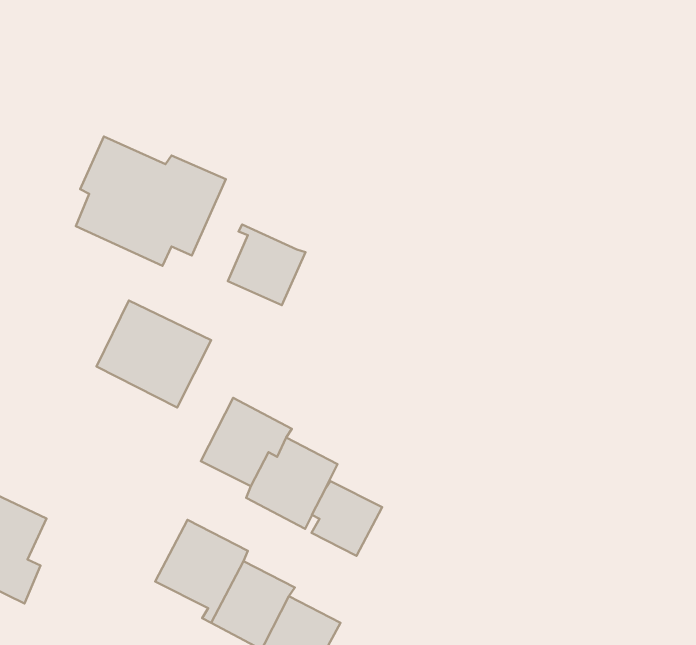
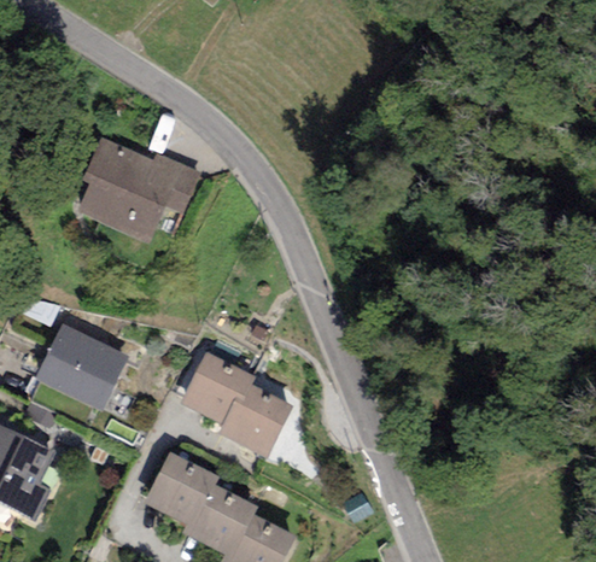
building: [228,225,306,305] -> none
building: [96,300,211,408] -> [35,323,129,411]
building: [312,481,382,556] -> none

